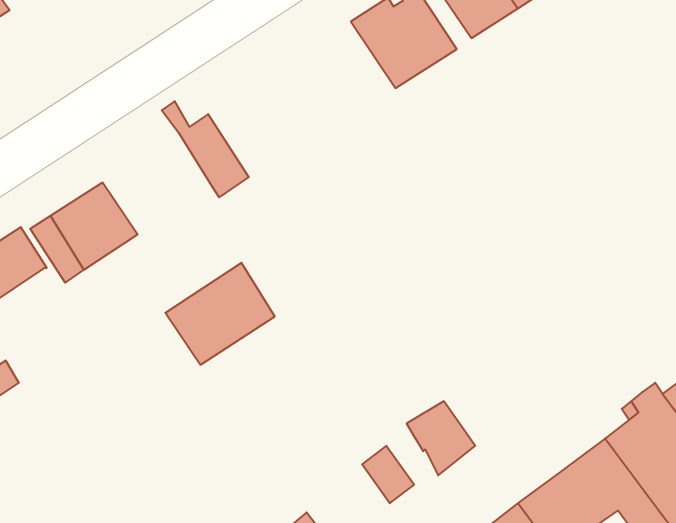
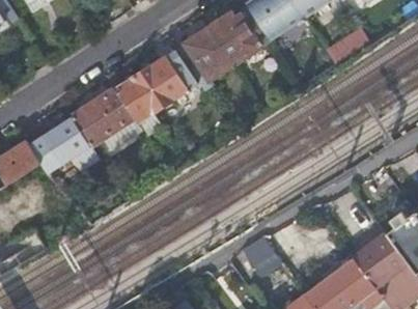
building: none -> [175,26,234,85]
building: none -> [130,55,188,113]
building: [165,263,275,365] -> [71,88,132,145]

